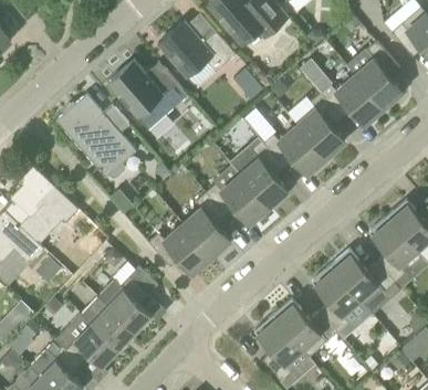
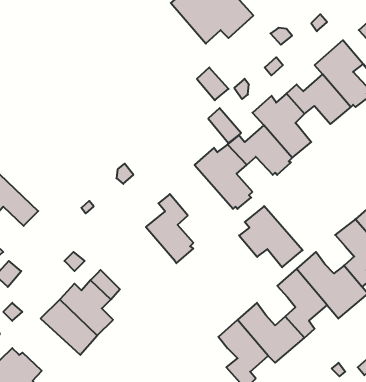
building: [158,21,236,77] -> none
building: [108,60,188,129] -> none
building: [56,94,136,178] -> none
building: [207,164,269,223] -> [239,206,303,267]
building: [148,224,211,273] -> none
building: [63,314,119,367] -> none

